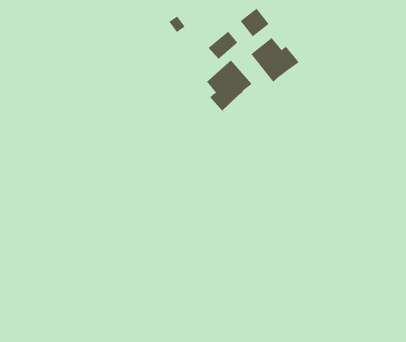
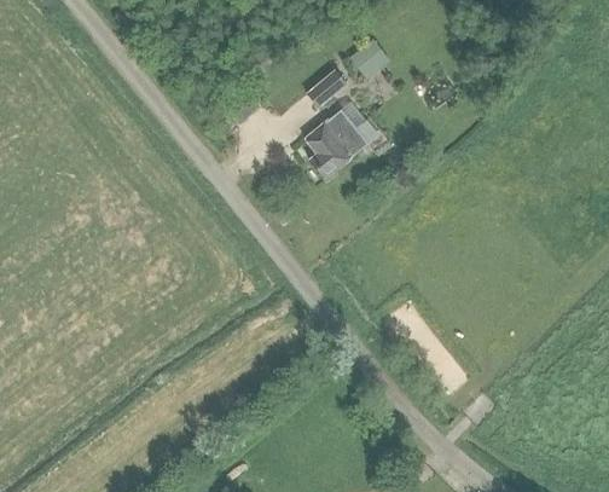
building: [251,37,299,83] -> none

